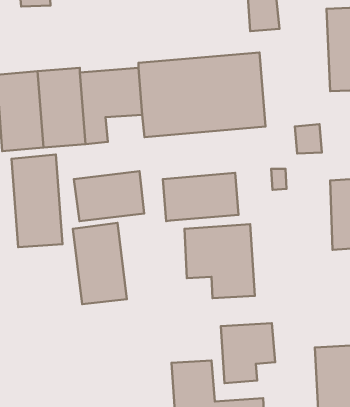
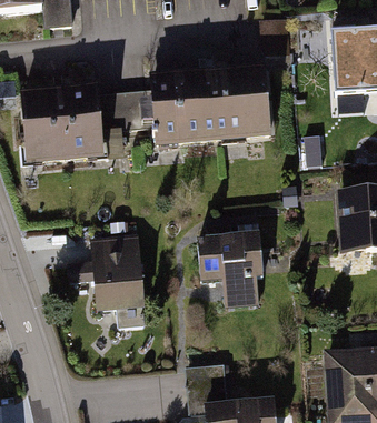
building: [11,155,63,247] -> none
building: [74,171,144,221] -> none
building: [163,173,239,221] -> none
building: [221,323,275,383] -> none

